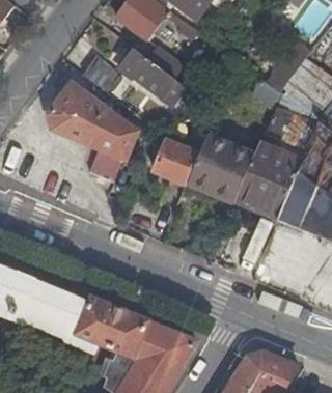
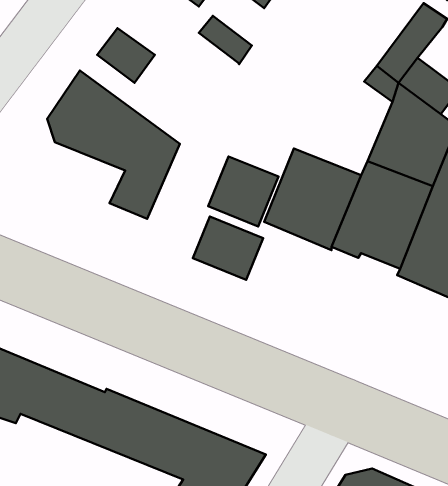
building: [119,48,173,96] -> none
building: none -> [193,216,263,280]

